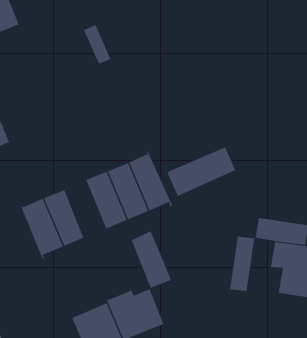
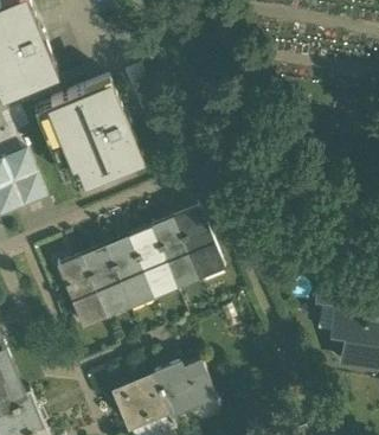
building: none -> [43,78,141,179]
building: [166,147,236,197] -> none
building: [131,230,172,289] -> [107,239,152,303]
building: [229,236,255,292] -> none

